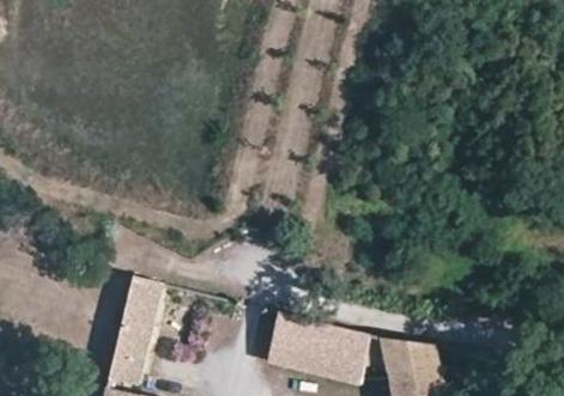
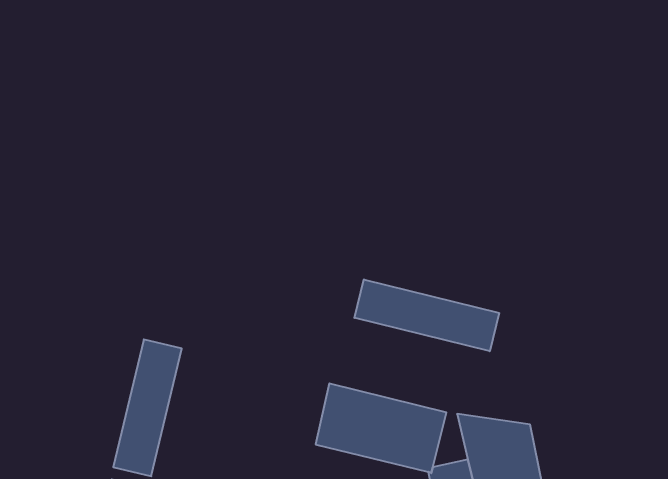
building: none -> [354,279,499,351]

